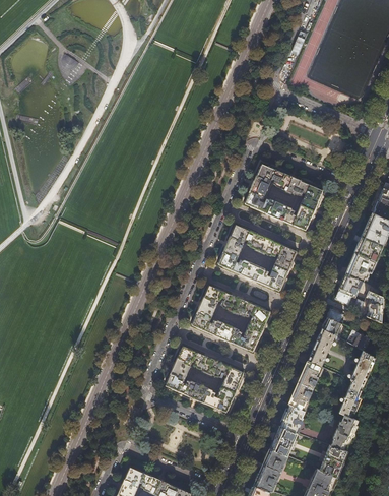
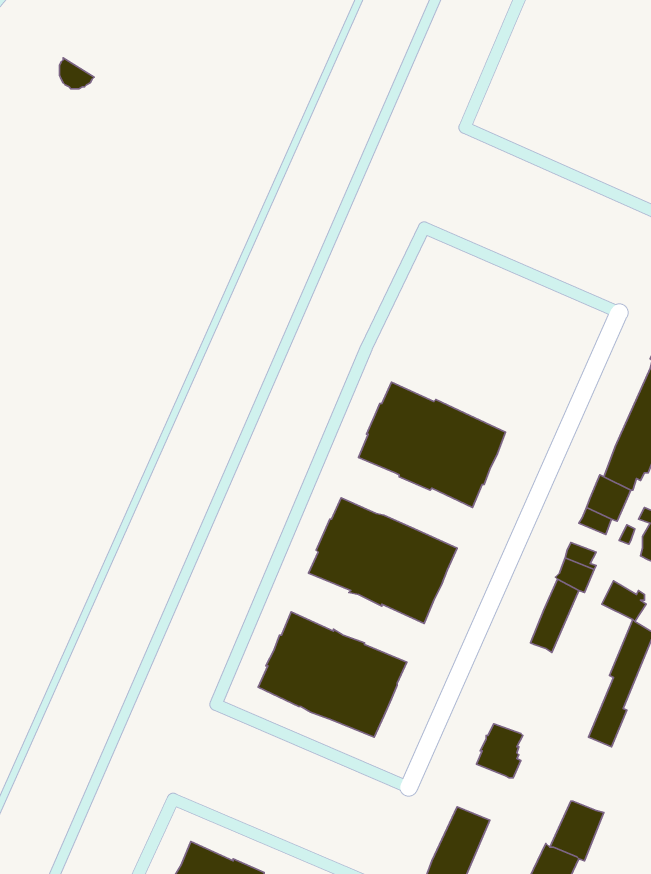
building: [245,164,323,230] -> none
building: [288,361,322,410] -> none
building: [331,414,359,450] -> none
building: [270,426,298,455] -> none

